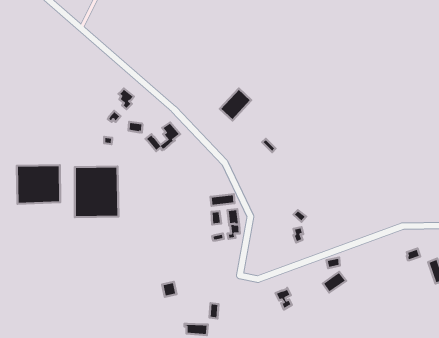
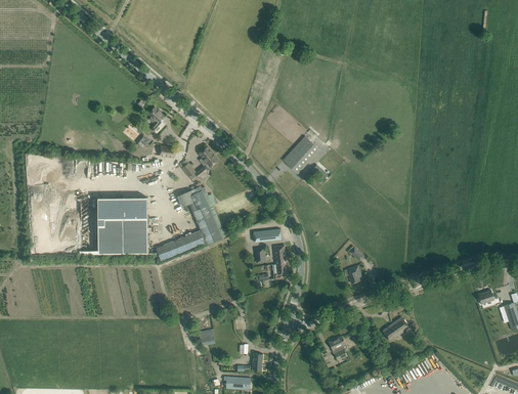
building: [220,88,251,121] -> [283,137,318,174]
building: none -> [156,186,224,261]
building: [17,165,60,204] -> none

